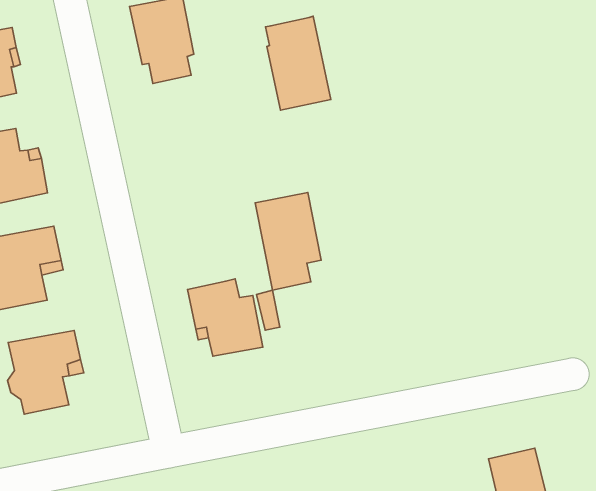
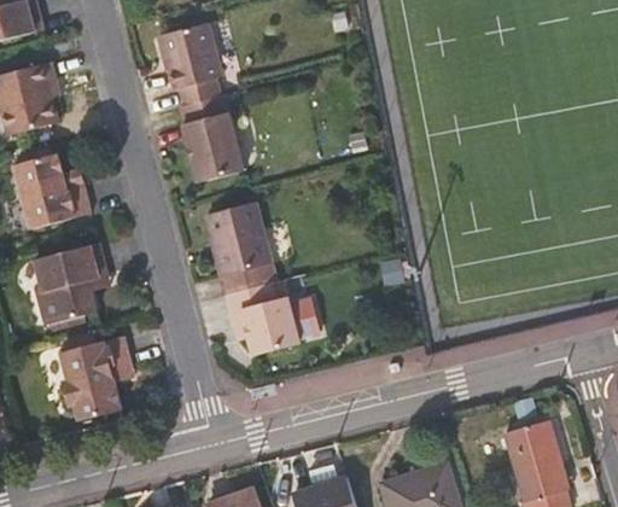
building: [265,16,331,110] -> [177,94,241,182]
building: [255,193,321,290] -> [204,202,268,293]

